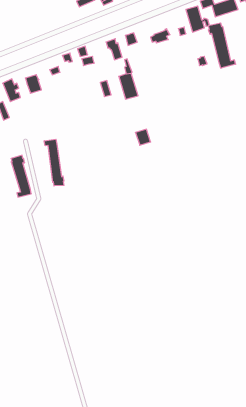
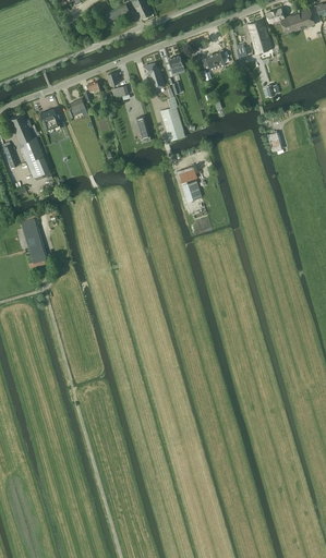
building: [208,23,236,68] -> none
building: none -> [19,137,49,178]
building: [44,139,64,186] -> none

